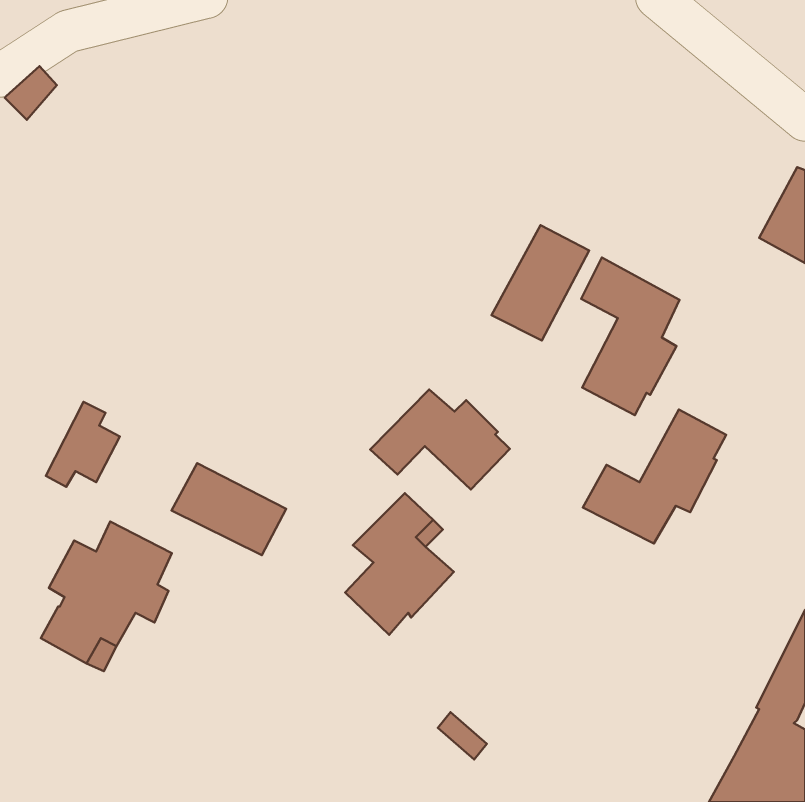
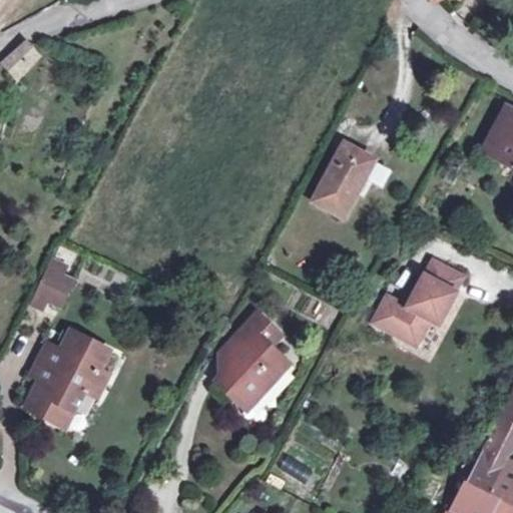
building: [581,258,679,415] -> none
building: [370,390,510,489] -> none
building: [172,463,286,555] -> none

